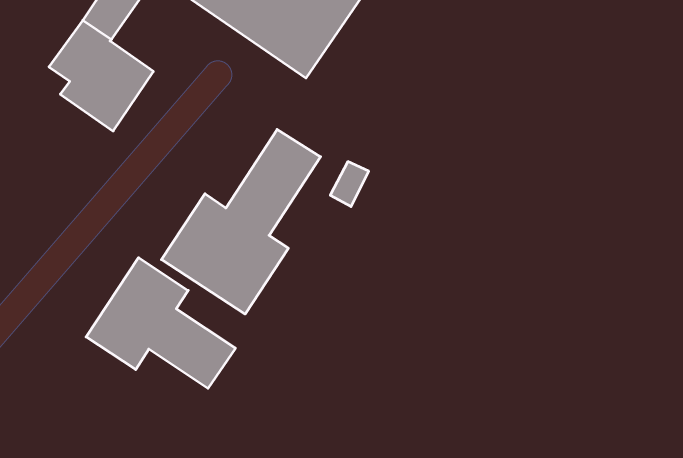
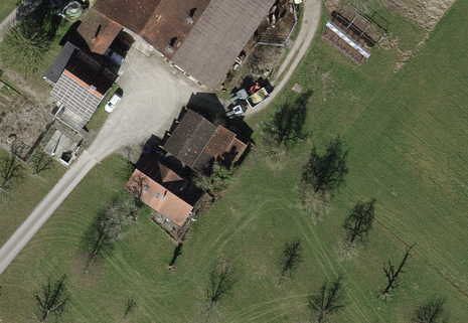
building: [86,258,235,388] -> none

